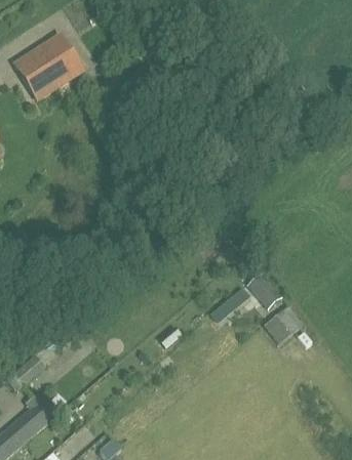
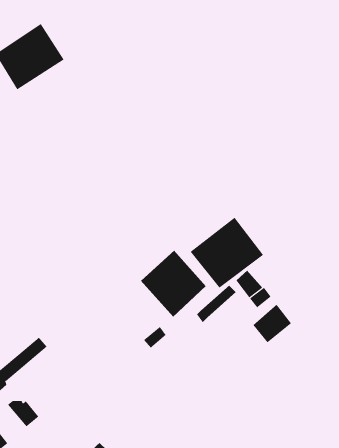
building: none -> [190,217,264,289]
building: none -> [140,250,206,317]

